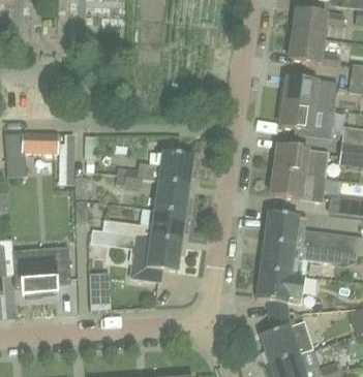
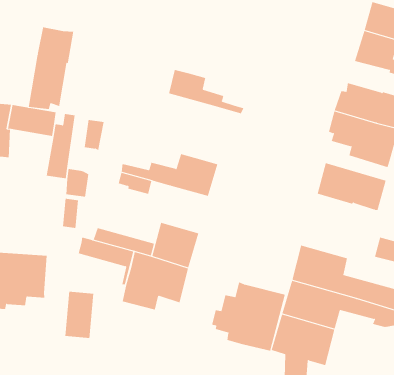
building: none -> [28,27,74,110]
building: none -> [168,69,244,114]
building: [271,168,323,201] -> none
building: [154,179,189,213] -> none
building: none -> [212,282,285,352]

